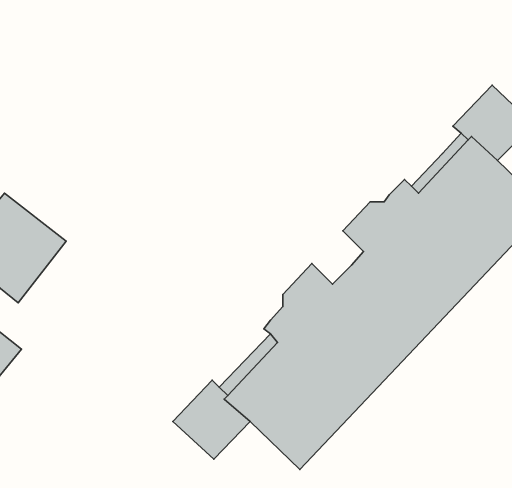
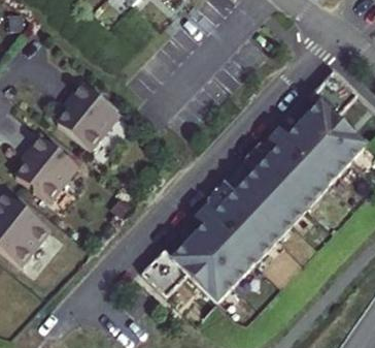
building: none -> [58,82,120,149]

